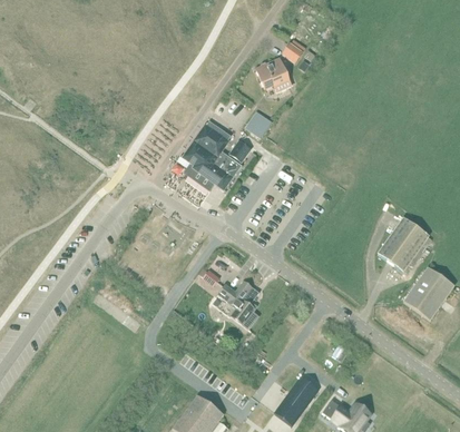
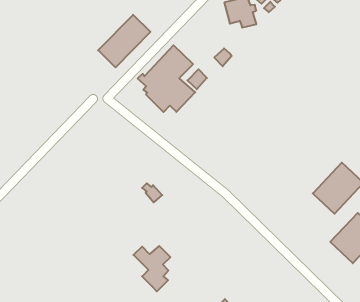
building: none -> [98,15,150,67]
building: [218,281,258,328] -> [133,246,170,291]

